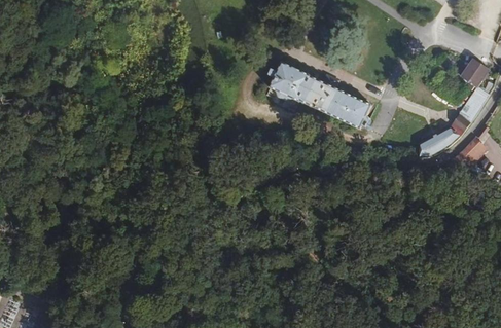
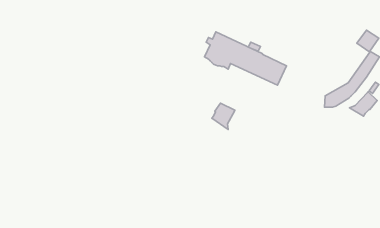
building: none -> [212,103,235,129]

